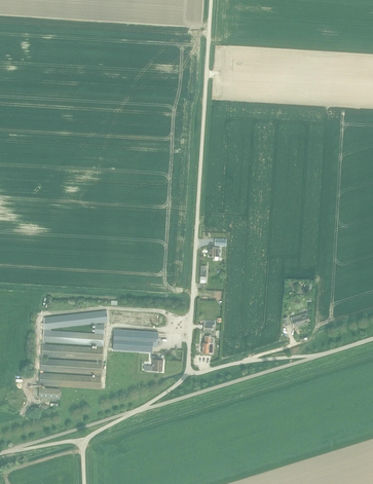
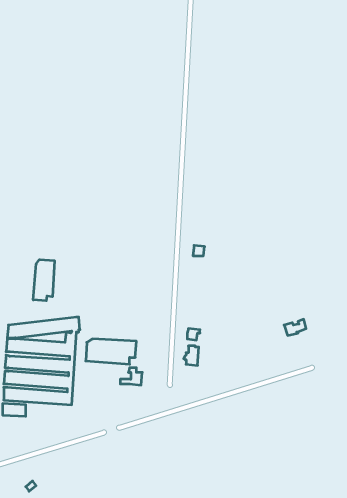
building: none -> [33,260,54,301]

